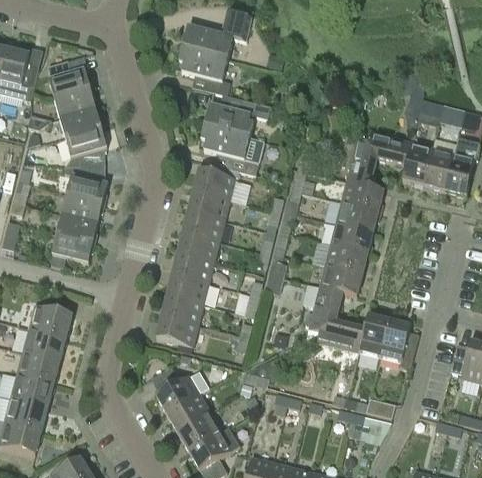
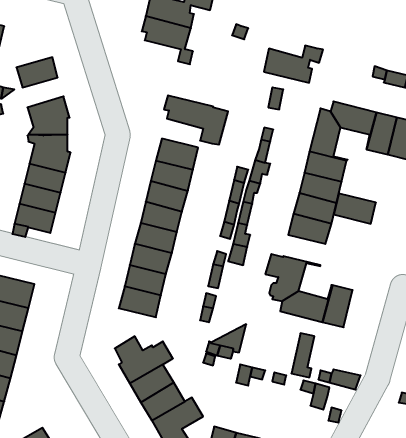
building: [47,61,89,98] -> none
building: [204,100,263,137] -> [264,46,323,83]
building: [59,108,100,138] -> none
building: [319,265,361,295] -> [334,194,376,224]
building: [379,320,418,370] -> none

